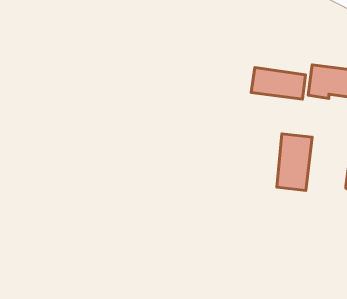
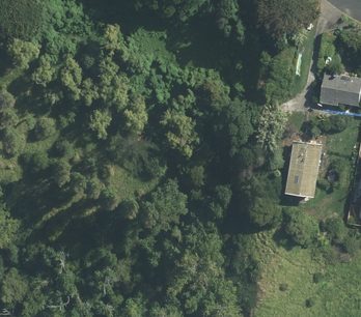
building: [251,67,306,99] -> none

